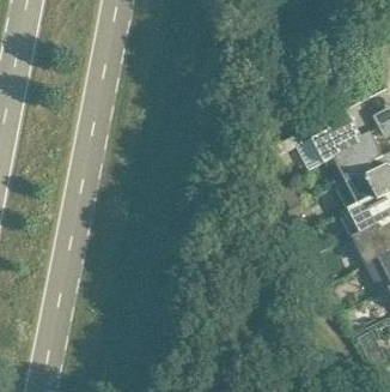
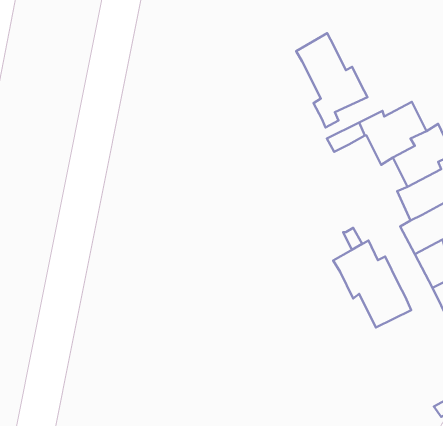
building: none -> [296,33,368,127]
building: none -> [333,240,411,328]

